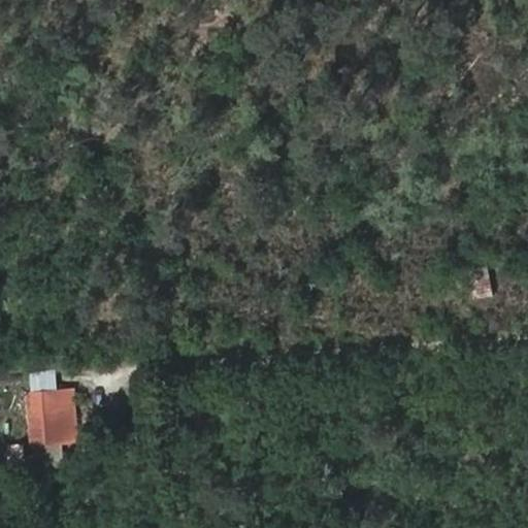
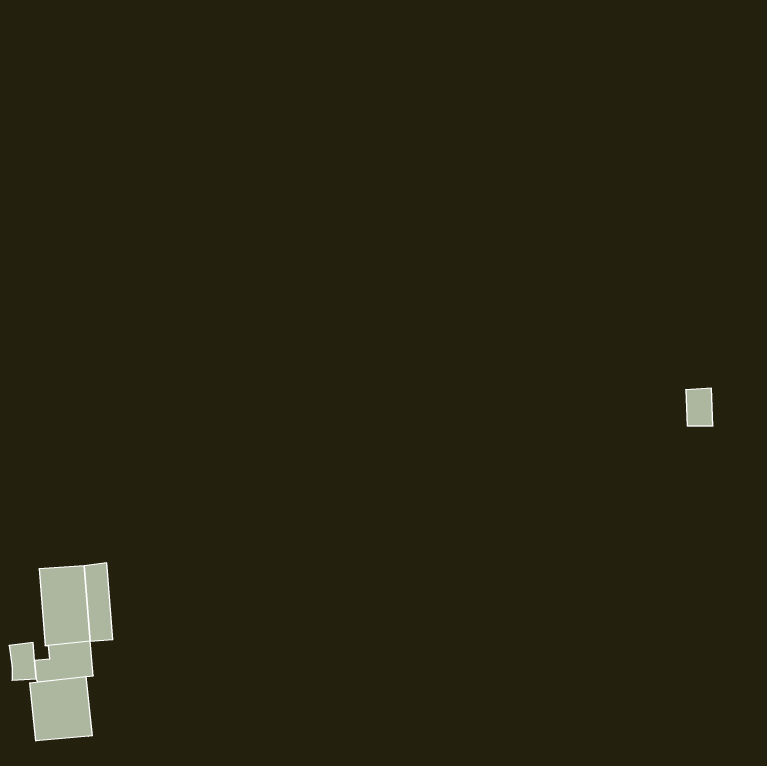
building: none -> [30,676,92,741]

